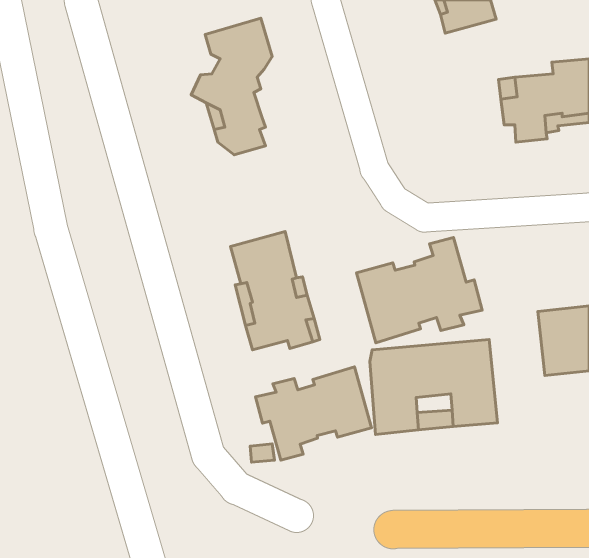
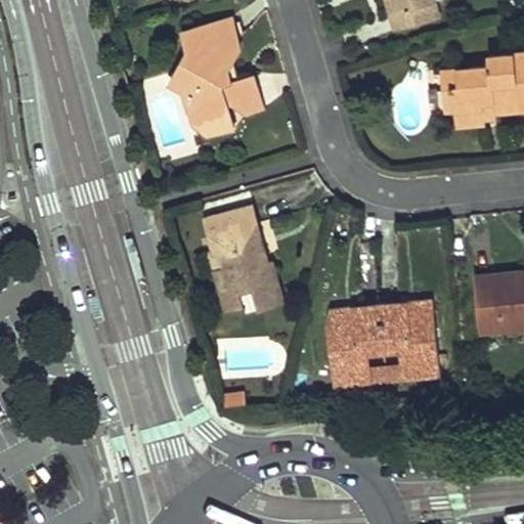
building: none -> [224,62,261,115]
building: [356,238,482,343] -> none
building: [256,367,371,460] -> none

